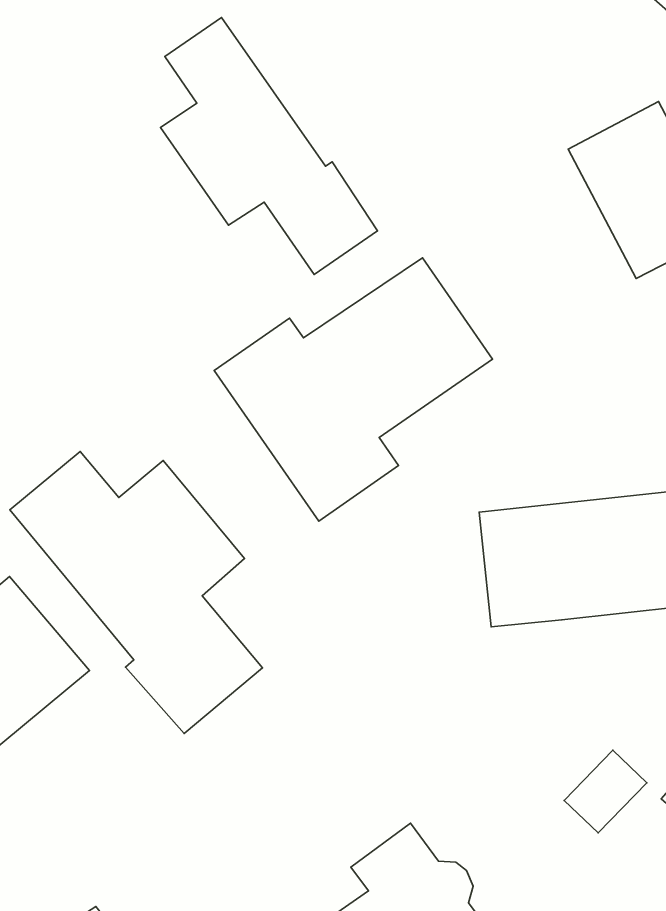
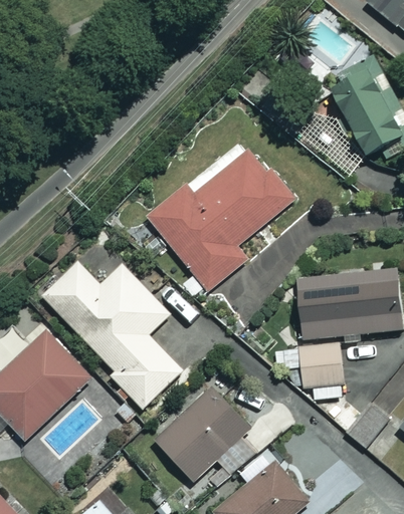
building: [161,17,378,274] -> none
building: none -> [301,336,349,402]
building: none -> [153,387,249,482]

